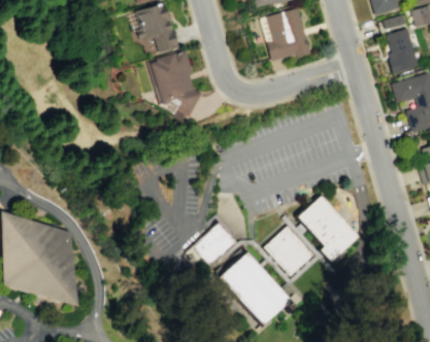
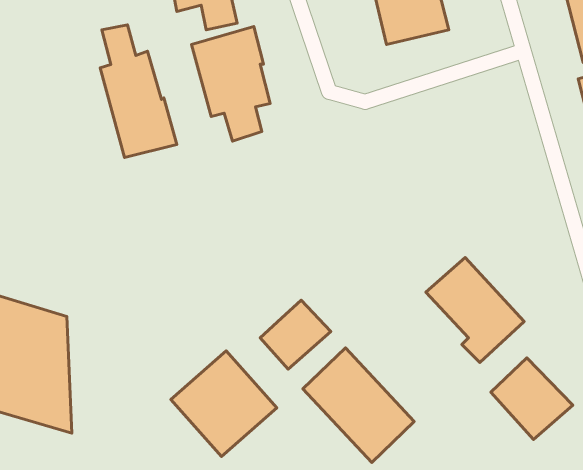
building: none -> [100,25,177,157]
building: [264,226,316,277] -> [491,358,573,440]
building: none -> [171,351,277,456]

